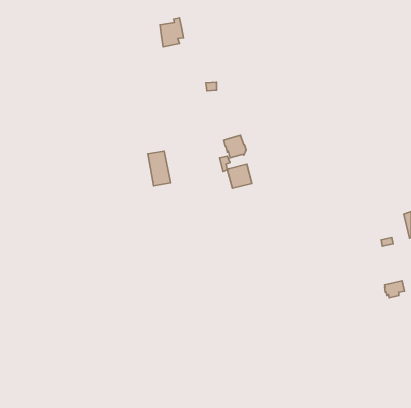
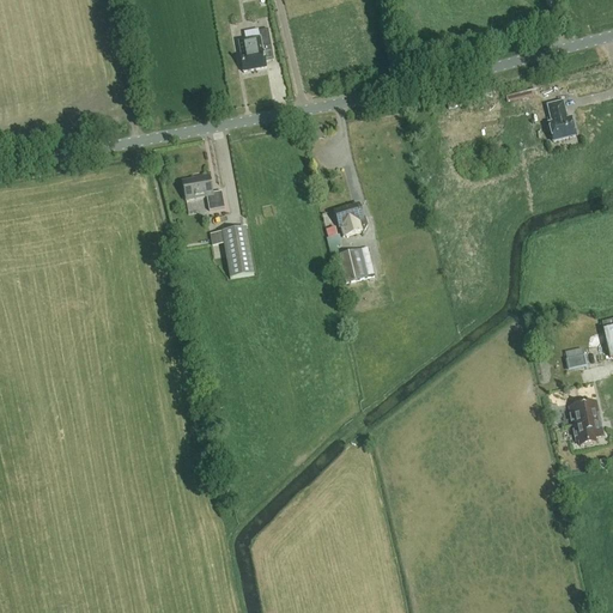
building: none -> [547,99,575,139]
building: none -> [182,172,225,207]
building: none -> [569,399,599,424]

